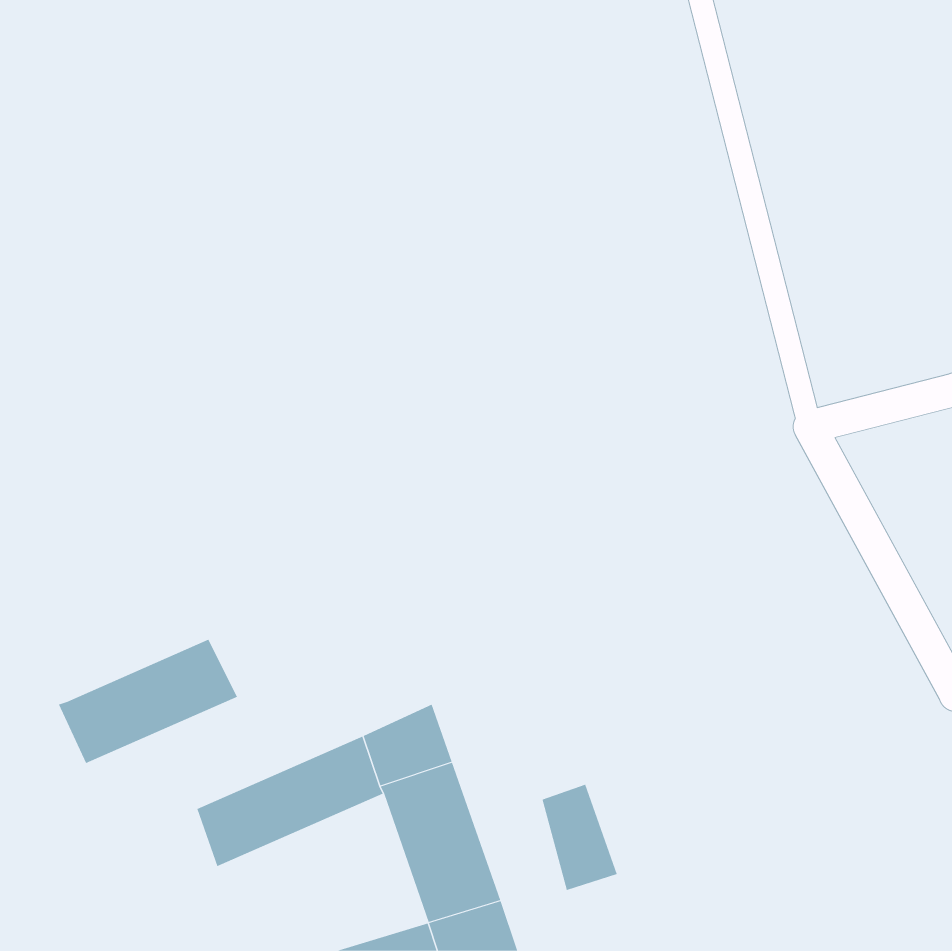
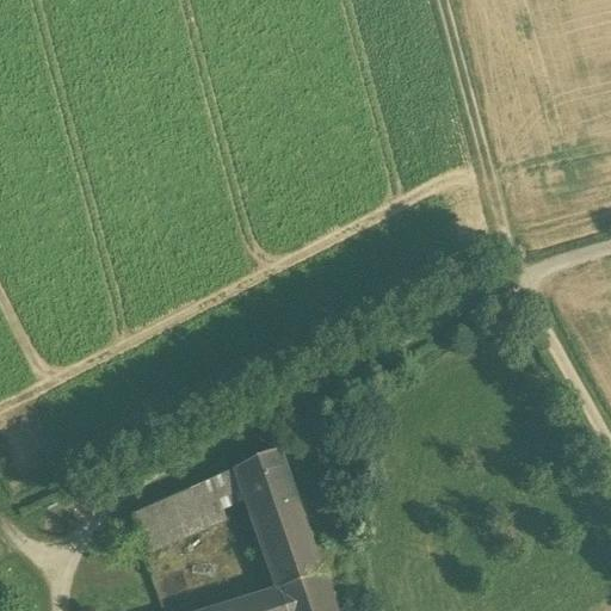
building: [58,639,238,764] -> none
building: [542,784,617,891] -> none

